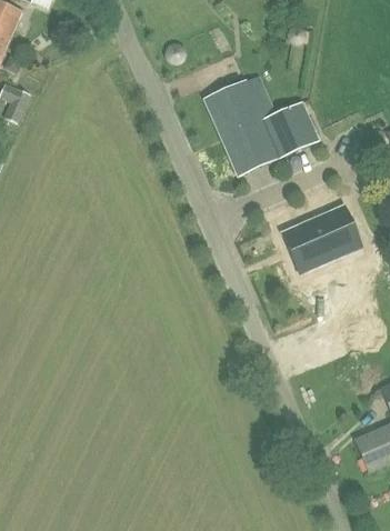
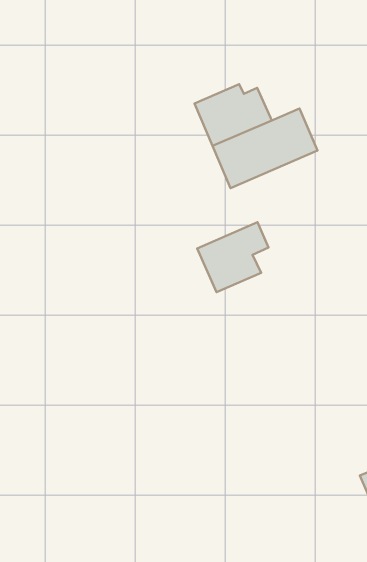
building: [282,208,348,272] -> [197,222,268,292]

